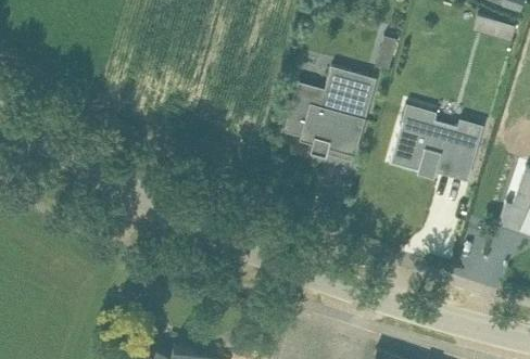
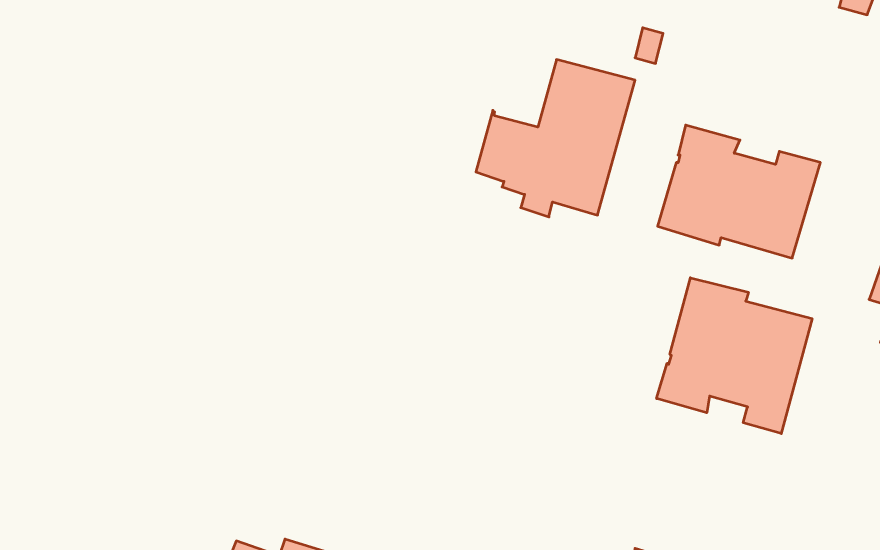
building: none -> [657,278,812,434]

